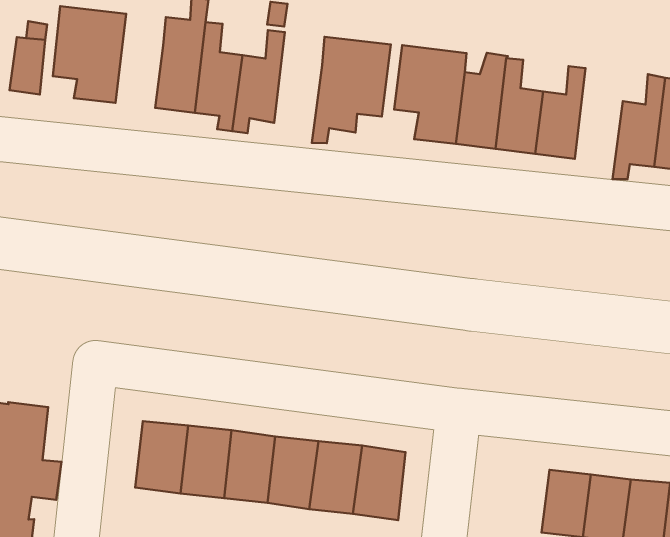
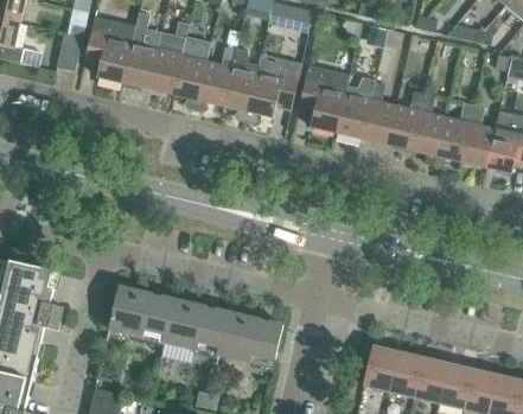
building: none -> [122,25,157,88]
building: none -> [222,49,256,121]
building: none -> [410,93,445,165]

